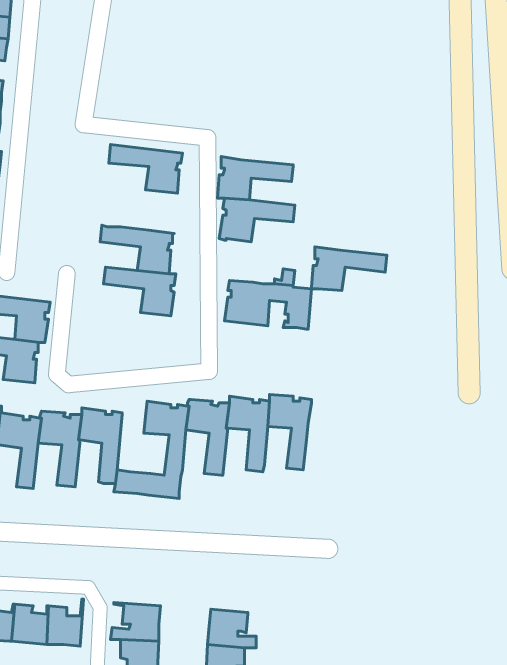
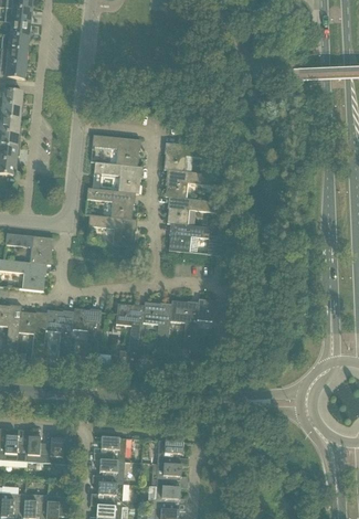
building: none -> [94,161,141,193]
building: [312,247,387,291] -> [167,195,217,224]

